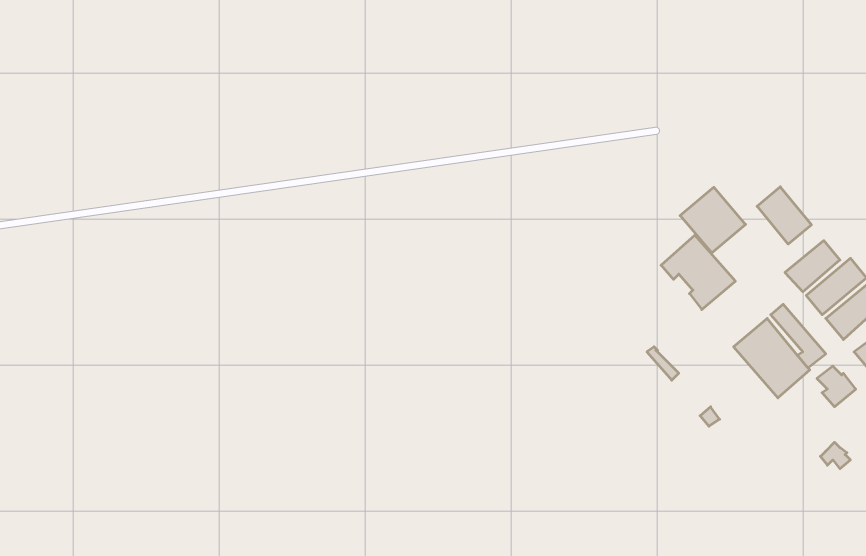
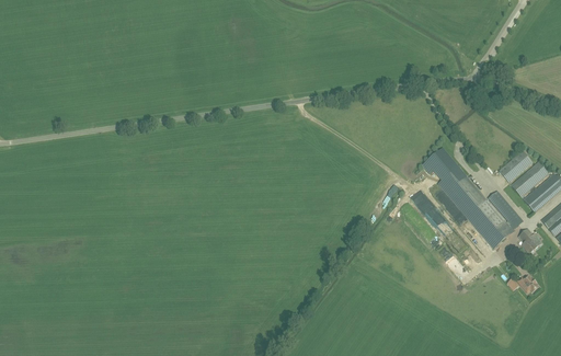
building: [757,187,811,244] -> none
building: [680,187,746,253] -> [446,175,486,216]

